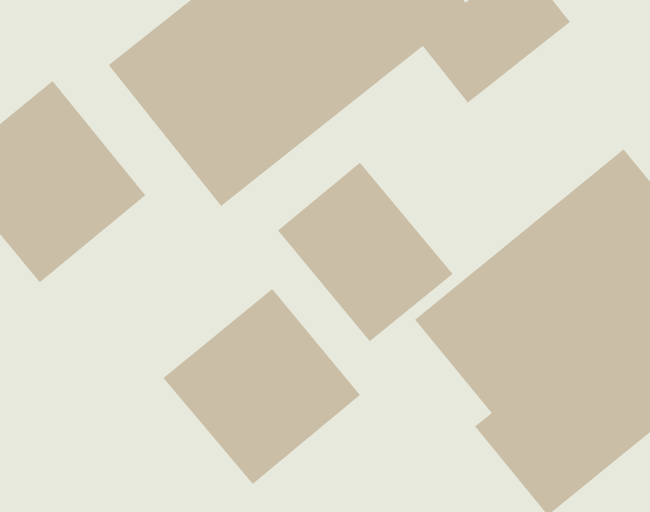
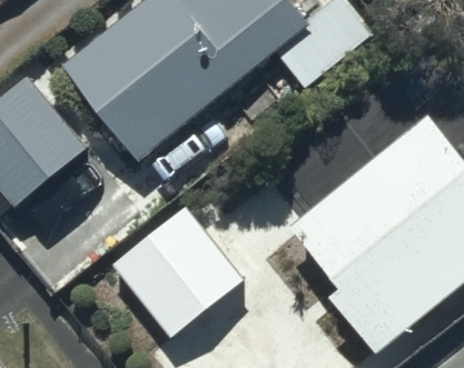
building: [277,162,454,342] -> none

